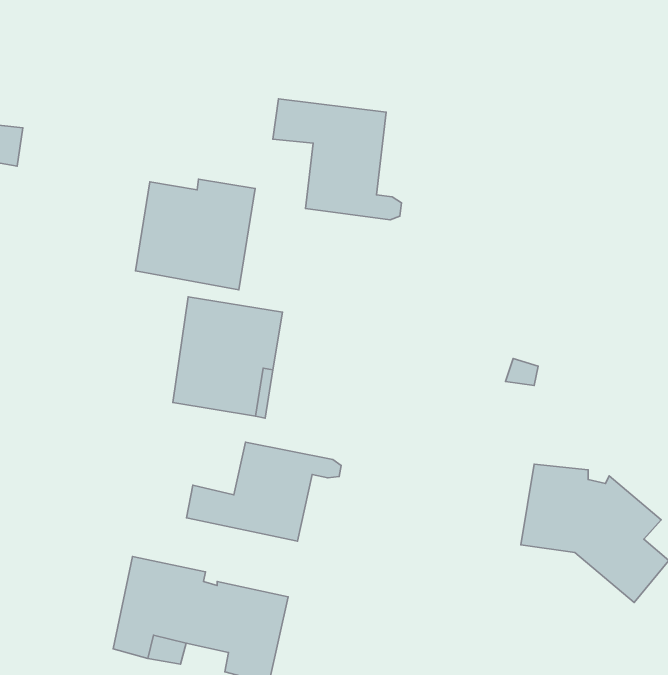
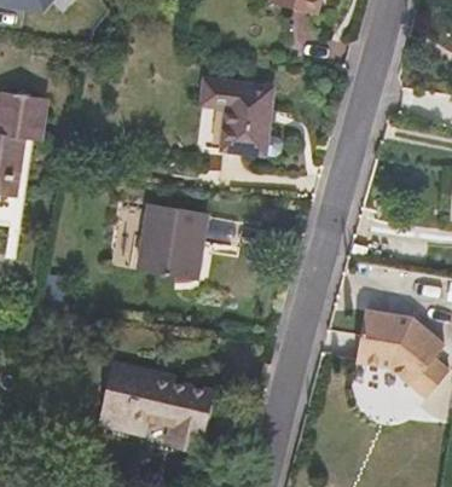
building: [135,179,255,290] -> none
building: [187,442,341,541] -> none

